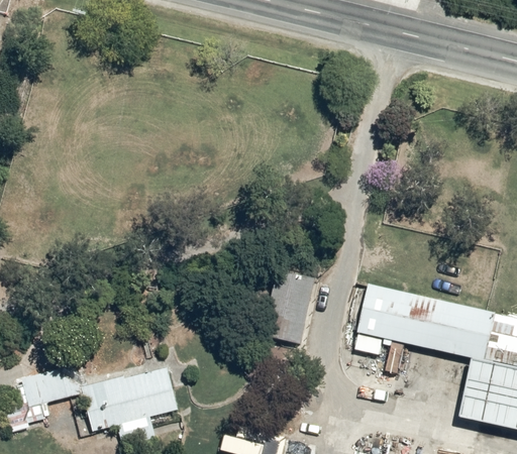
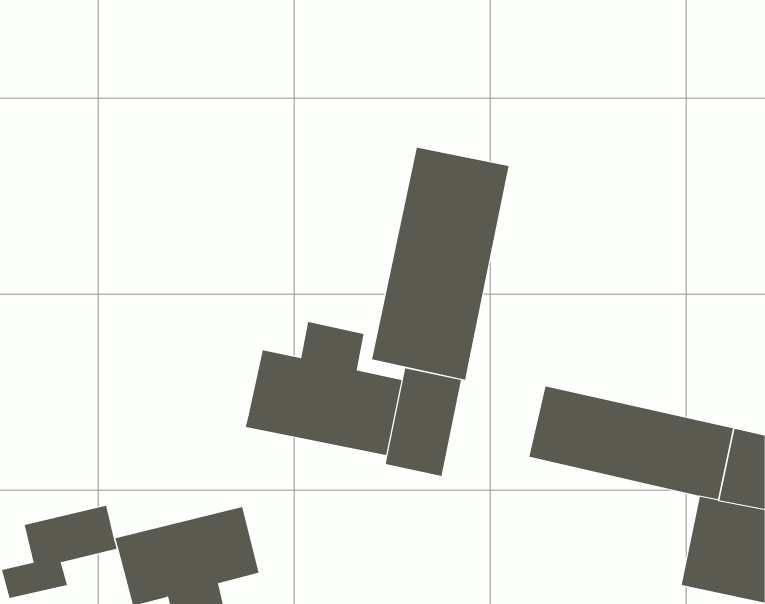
building: none -> [372,147,509,381]
building: none -> [245,321,402,456]

